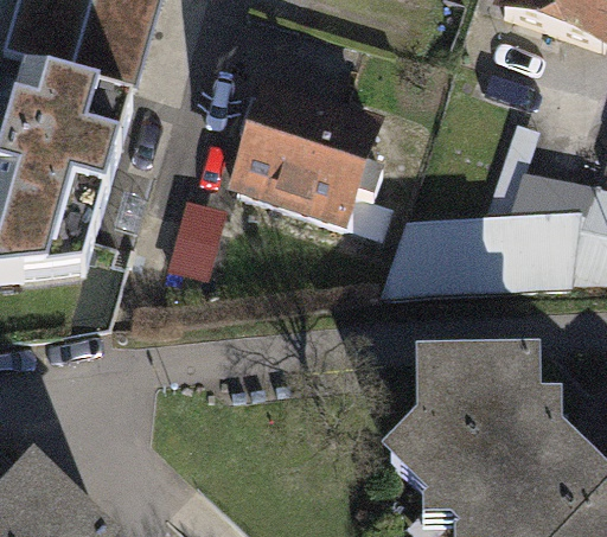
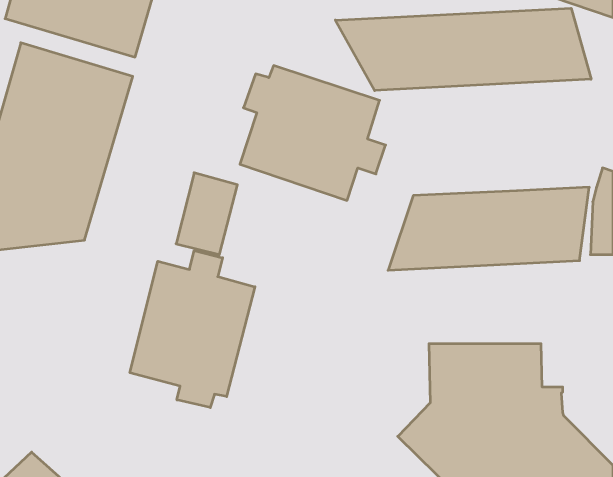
building: none -> [335,8,591,91]
building: none -> [130,251,255,408]

